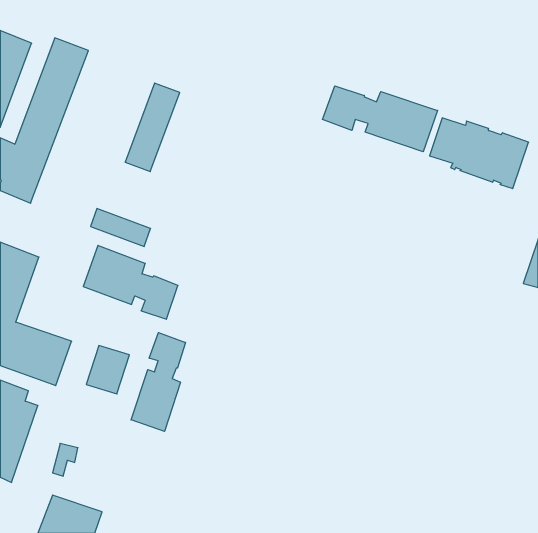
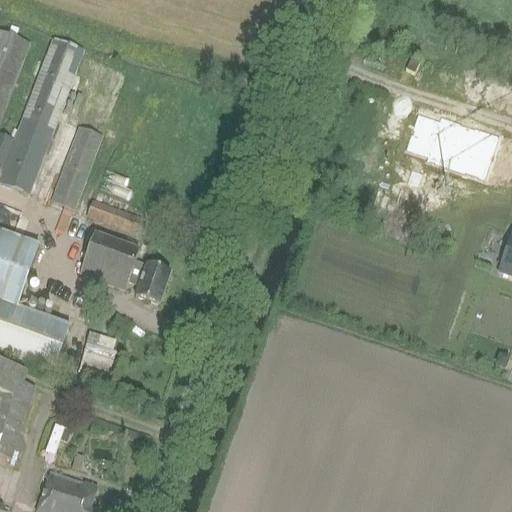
building: [125,83,180,172] -> [50,125,102,209]
building: [322,86,438,152] -> none
building: [131,333,185,431] -> none

